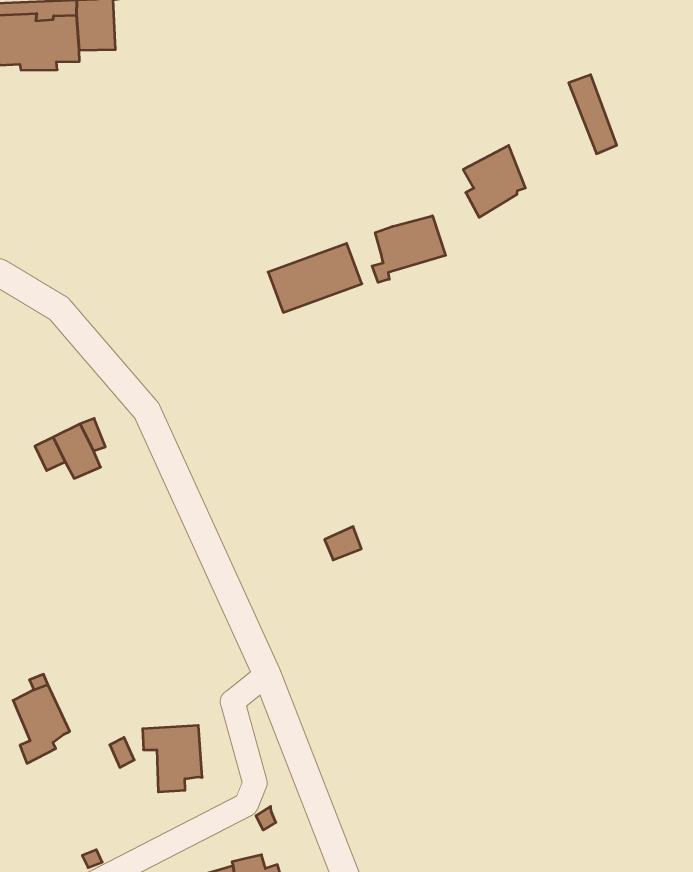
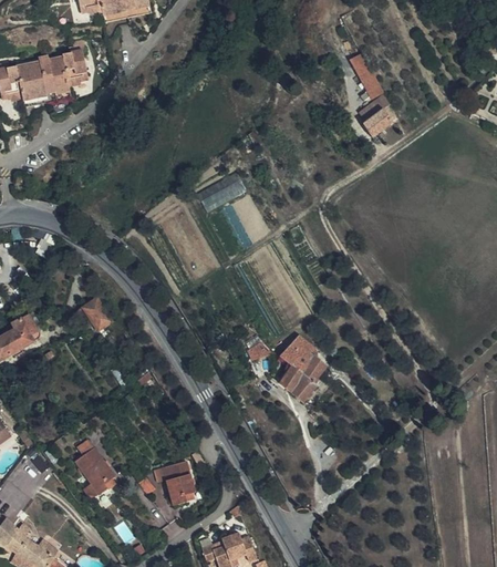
building: [463,145,525,217] -> [359,95,396,140]
building: [372,216,446,282] -> none
building: none -> [278,336,323,404]

